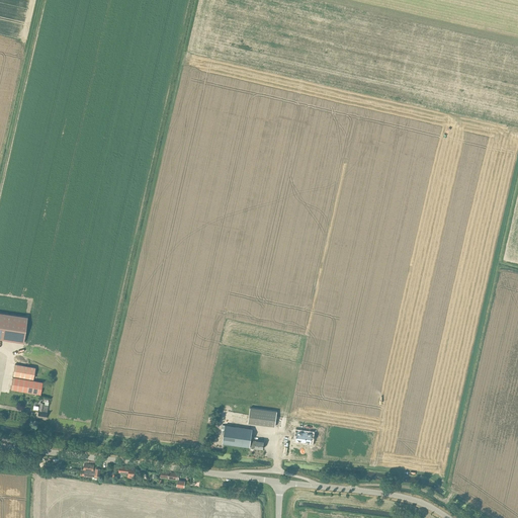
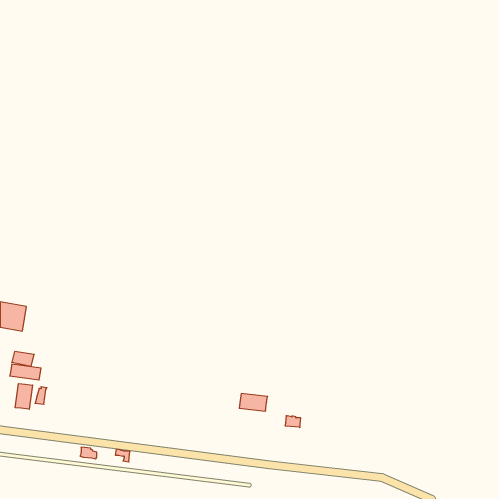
building: none -> [15,384,33,409]
building: [222,425,264,449] -> none

